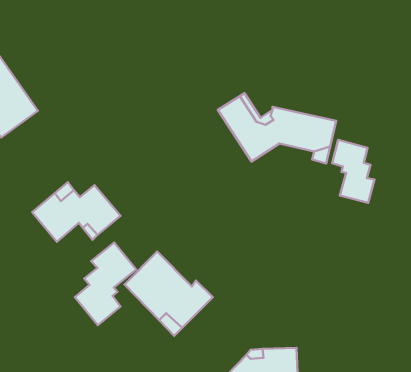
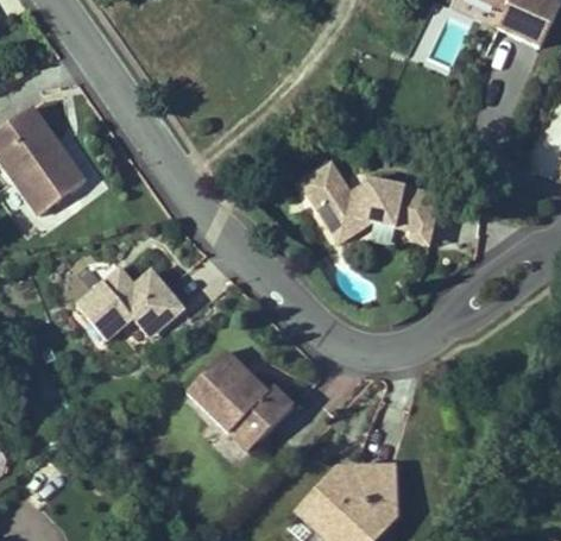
building: [332,140,374,203] -> none
building: [75,242,136,325] -> none

